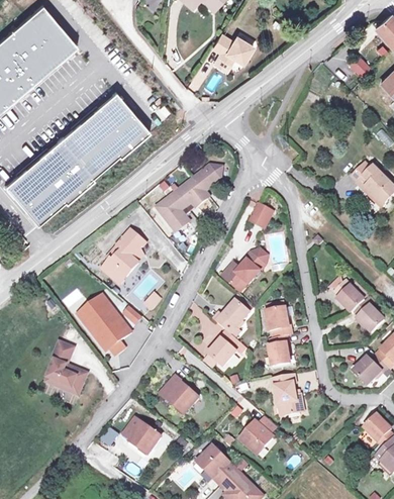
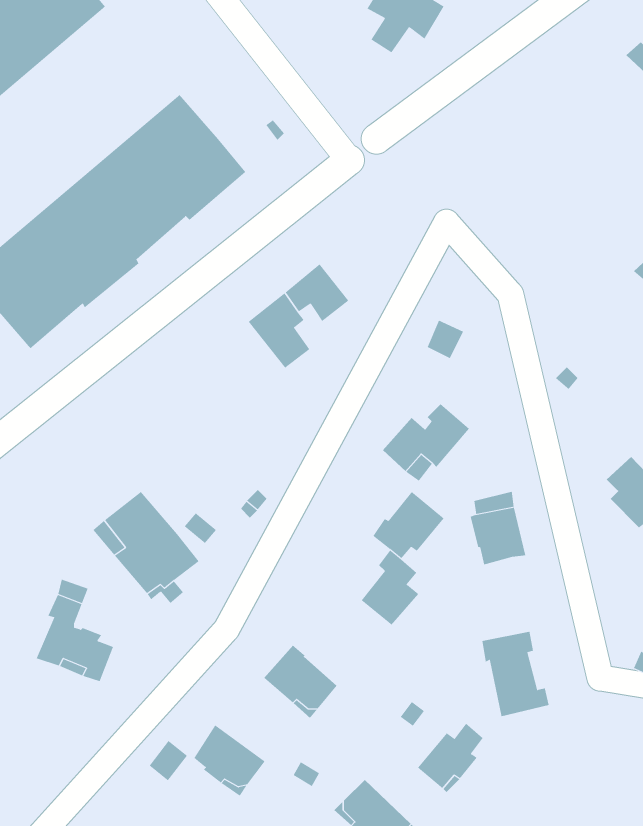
building: [188,166,216,192] -> none
building: [101,226,147,283] -> none
building: [270,330,294,364] -> none

